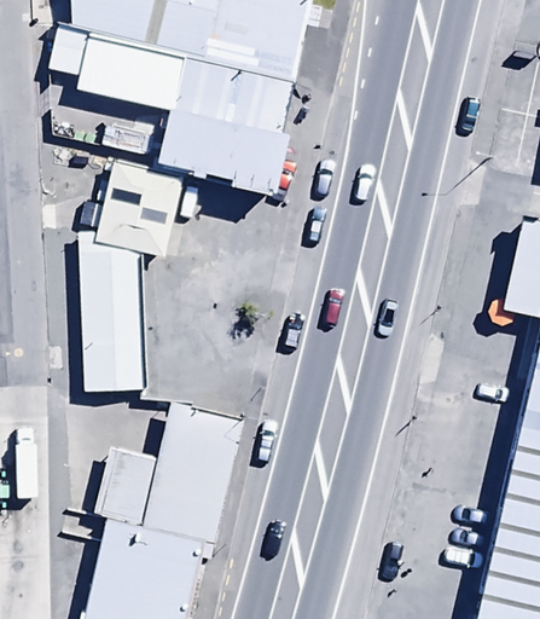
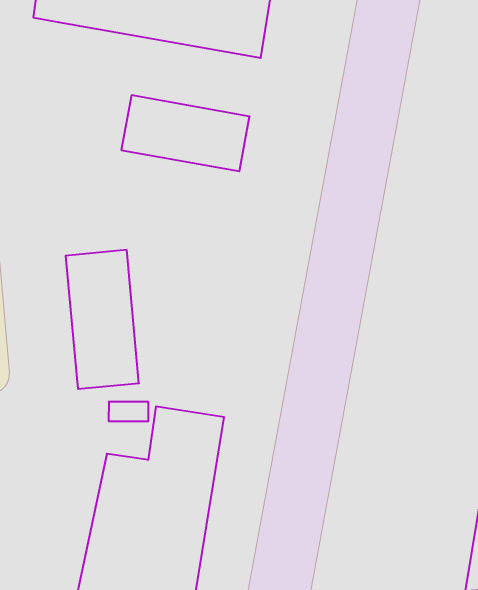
building: [82,25,296,131] -> none
building: [93,156,181,254] -> none

